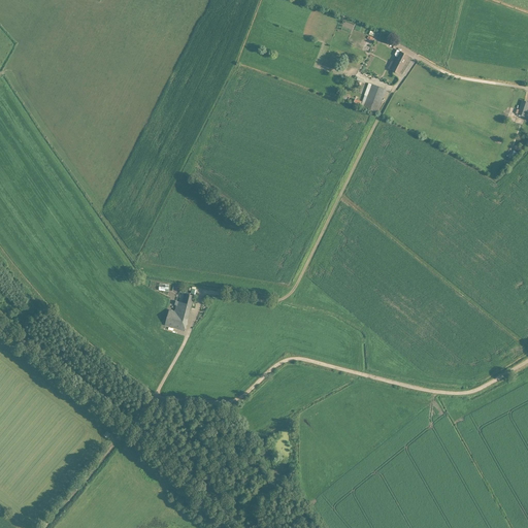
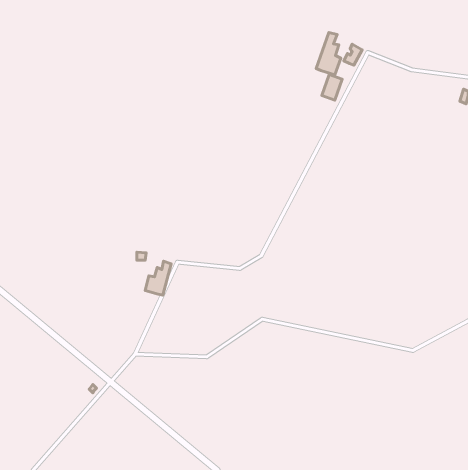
building: none -> [316,32,341,75]

